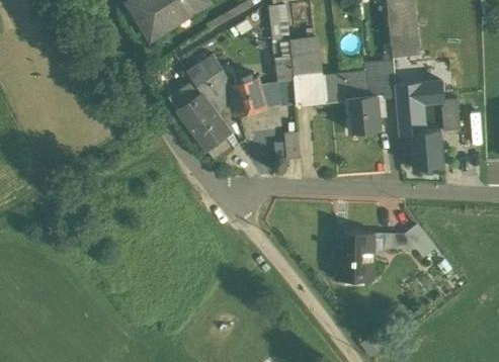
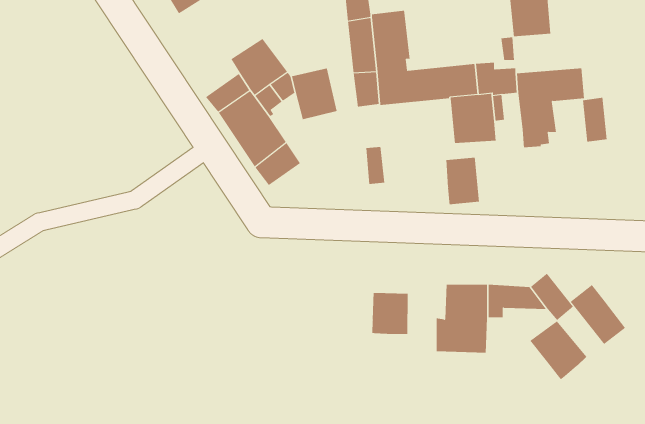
building: [412,129,444,167] -> none
building: none -> [446,157,479,205]
building: none -> [570,284,626,345]
building: none -> [372,292,408,335]
building: none -> [529,321,587,380]

